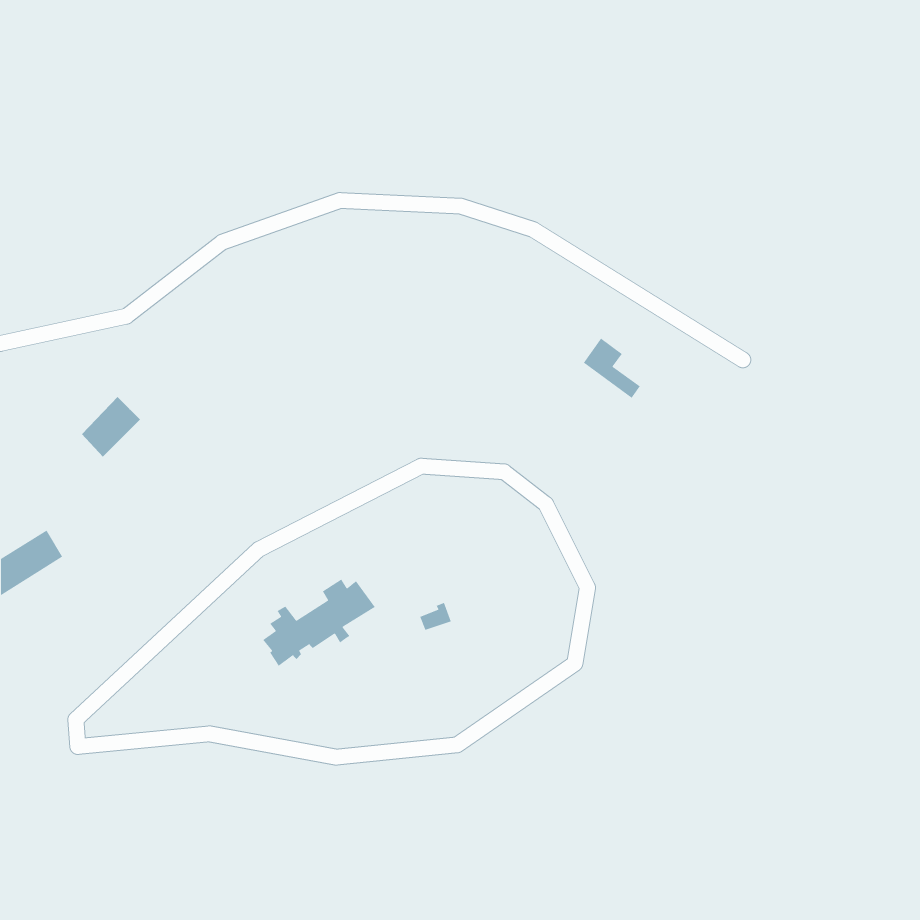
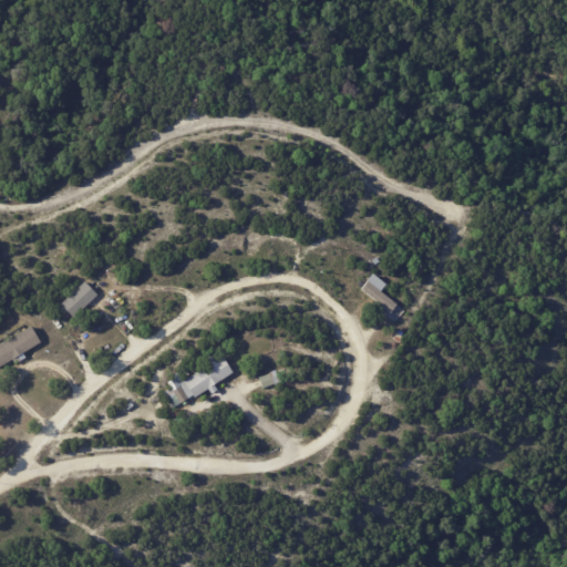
building: [583,337,641,399] -> [361,274,396,311]
building: [81,396,141,458] -> [62,279,99,317]

